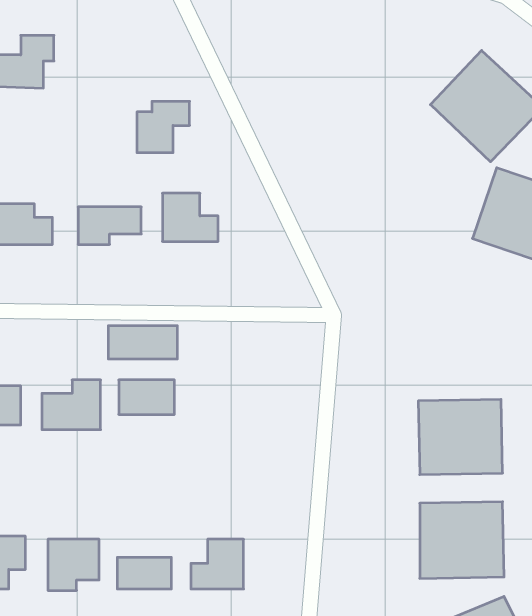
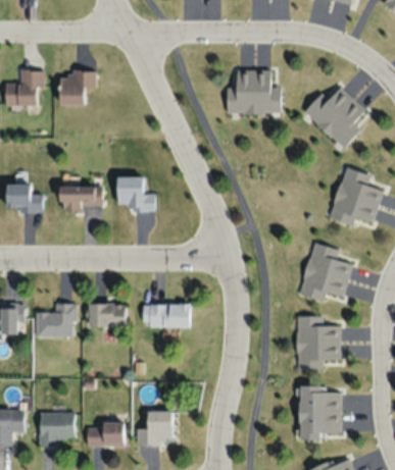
building: none -> [223,66,280,117]
building: [137,101,190,153] -> [59,71,95,106]
building: none -> [292,239,361,304]
building: [108,326,177,359] -> [143,304,190,326]

